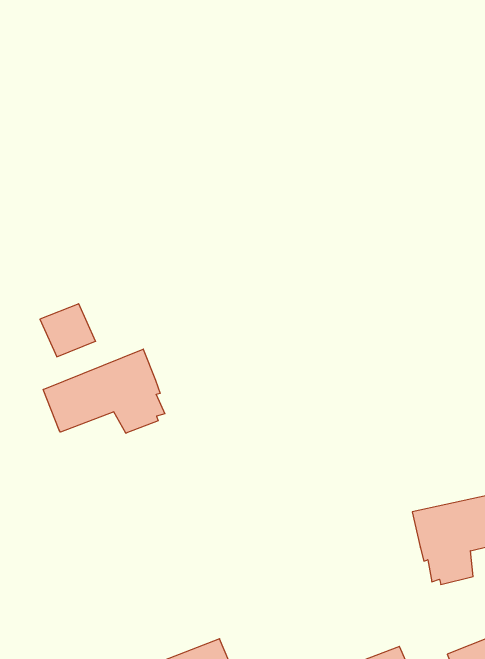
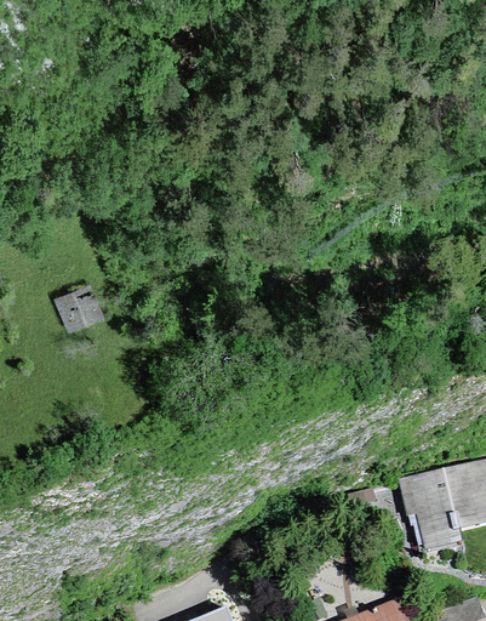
building: [43,349,165,433] -> none

